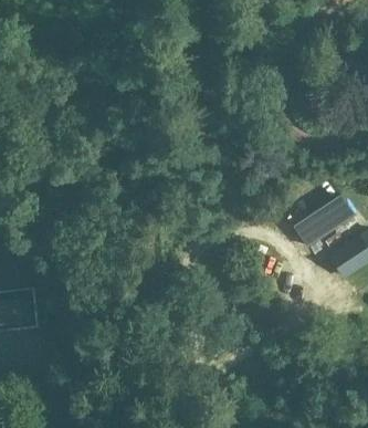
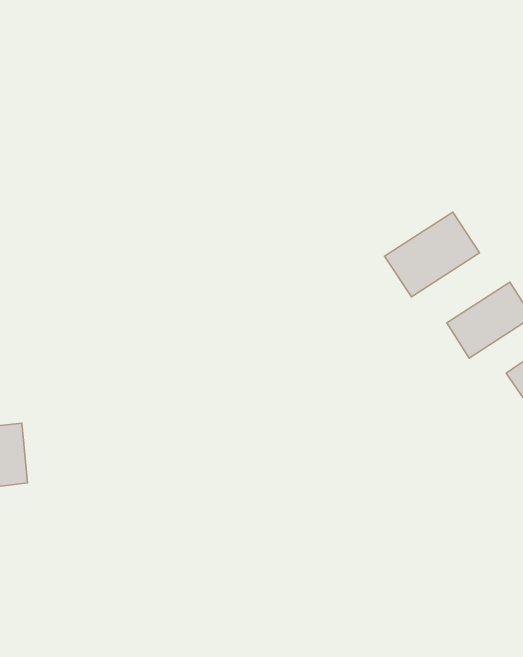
building: none -> [385,212,480,297]

